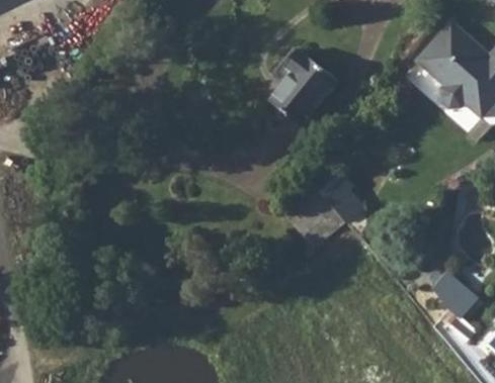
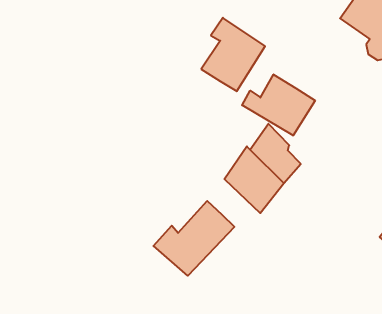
building: none -> [242,74,315,136]
building: none -> [153,201,234,276]

